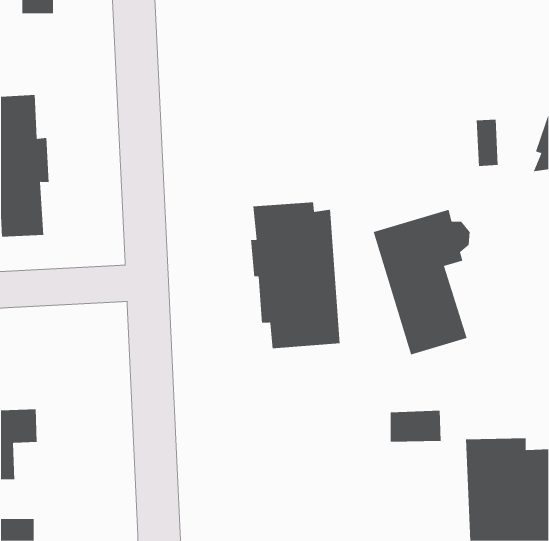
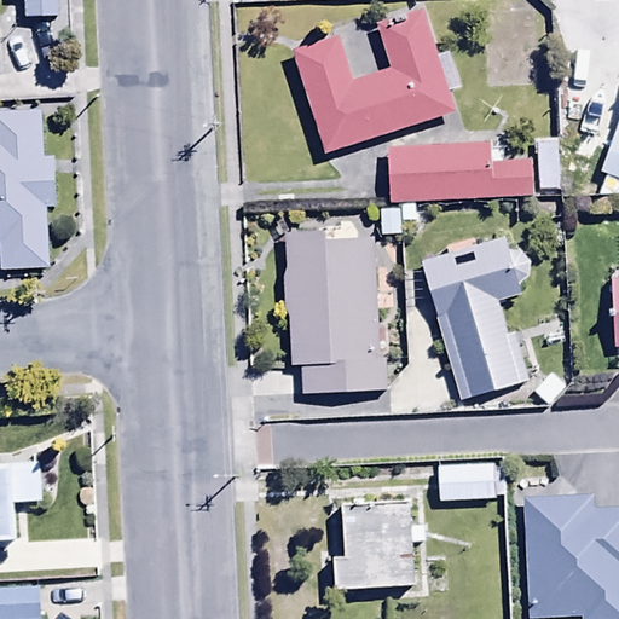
building: none -> [291,7,462,154]
building: none -> [387,141,533,203]
building: none -> [335,505,427,589]

